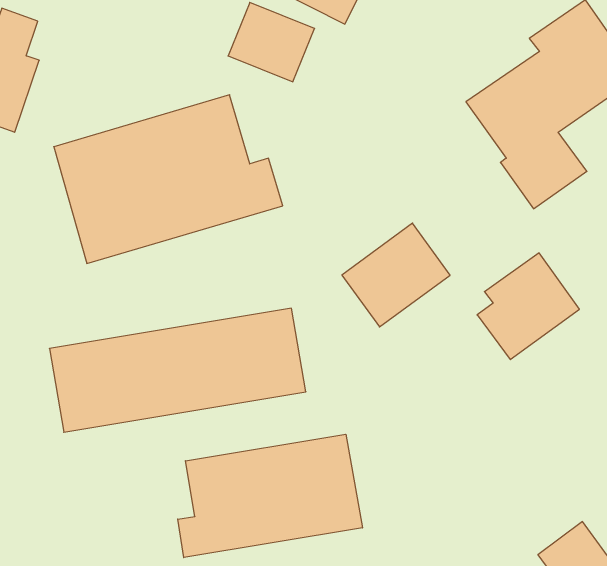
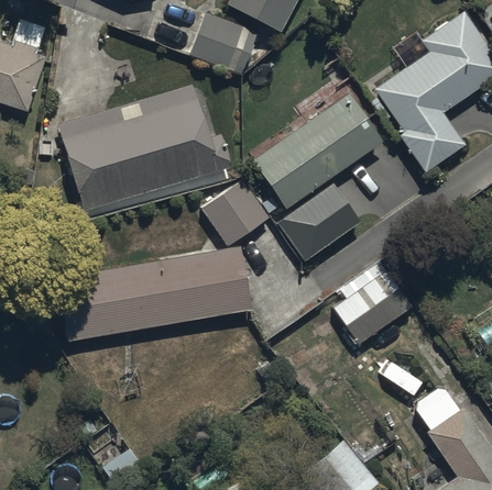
building: none -> [252,92,382,208]
building: none -> [201,181,267,247]
building: [477,253,579,360] -> [334,263,412,344]
building: [178,434,362,558] -> none

